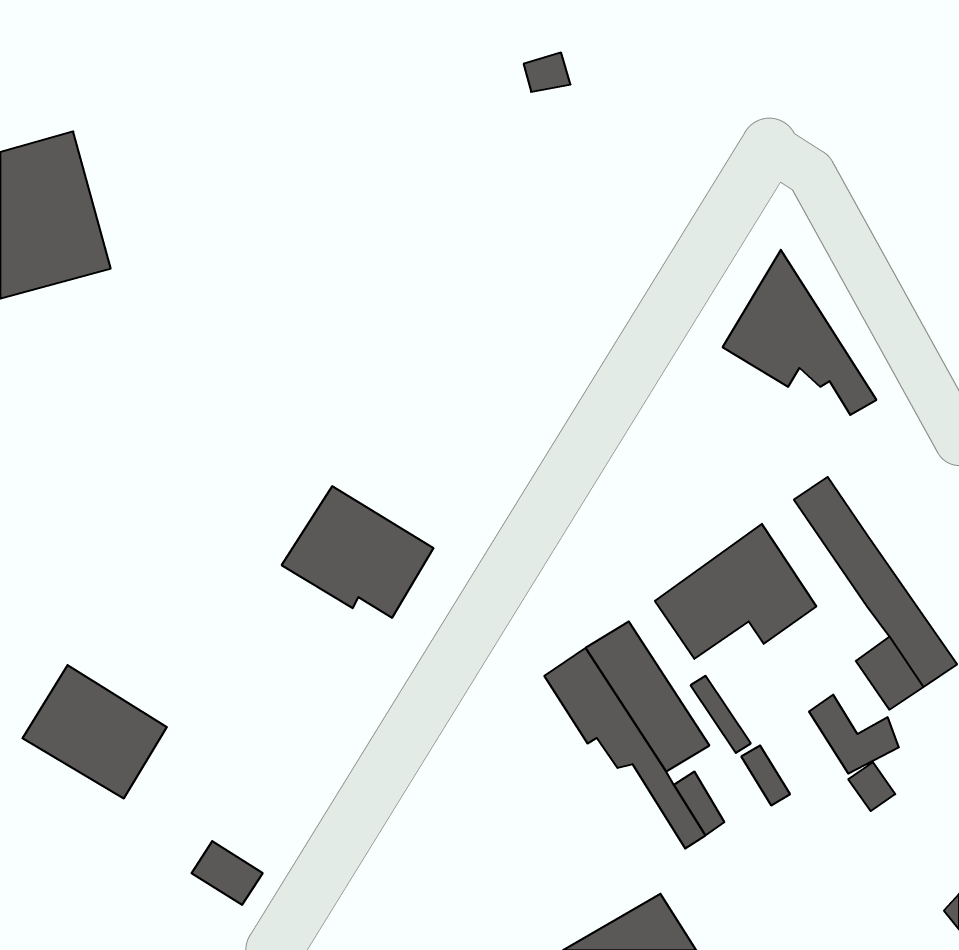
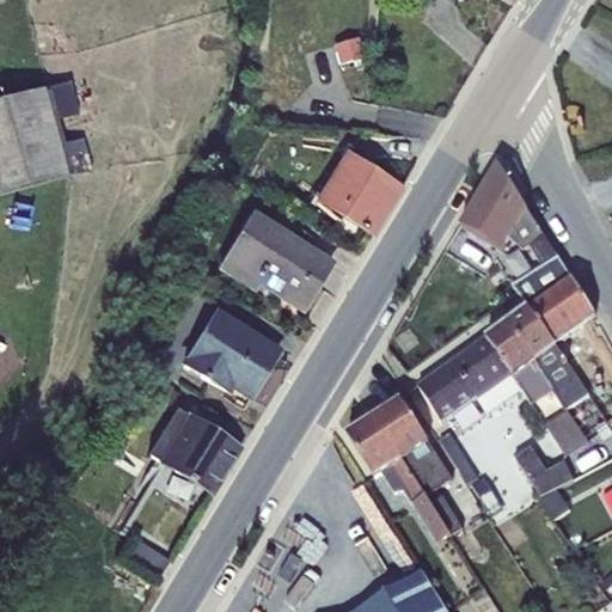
building: none -> [313,151,398,231]
building: none -> [215,213,329,307]
building: none -> [513,255,595,341]
building: none -> [485,318,552,403]
building: [22,665,167,798] -> [146,406,238,491]

